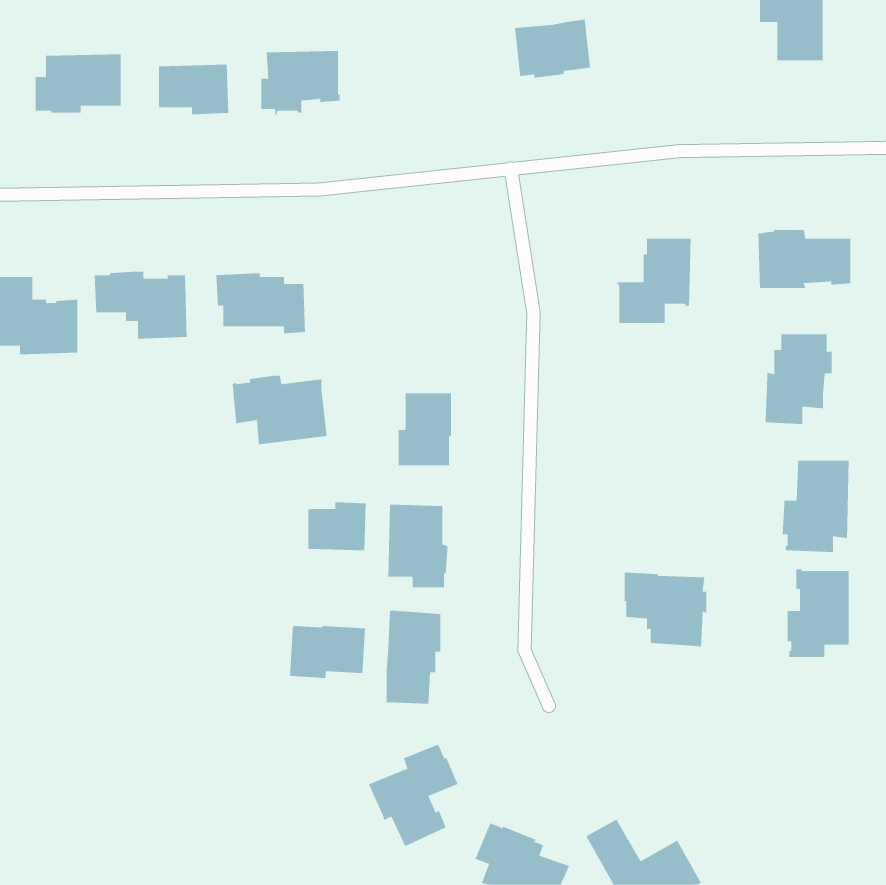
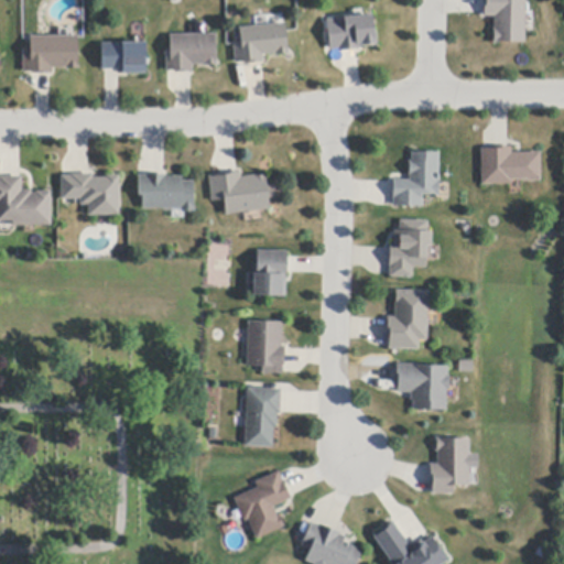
building: none -> [231,21,288,63]
building: [765,334,833,424] -> [388,219,431,276]
building: [232,375,327,445] -> [208,170,269,214]
building: [782,460,850,552] -> [384,290,427,348]
building: [308,501,366,551] -> none
building: [787,569,849,657] -> [429,436,468,492]
building: [290,625,365,679] -> none

